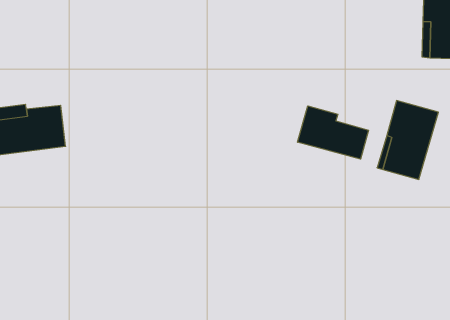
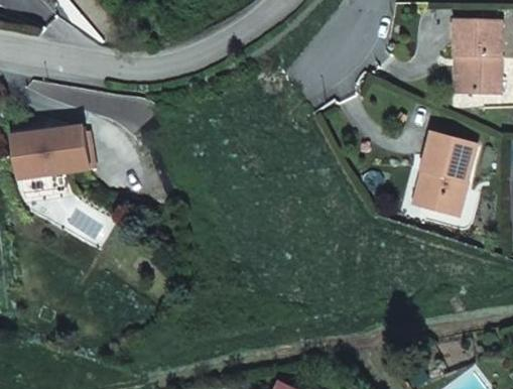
building: [298,106,369,159] -> none

